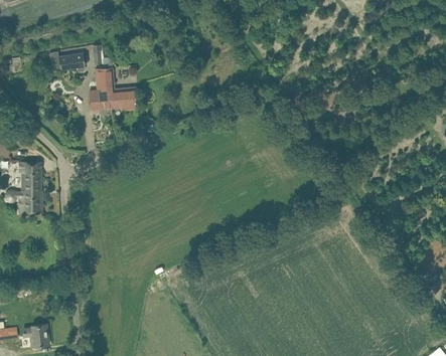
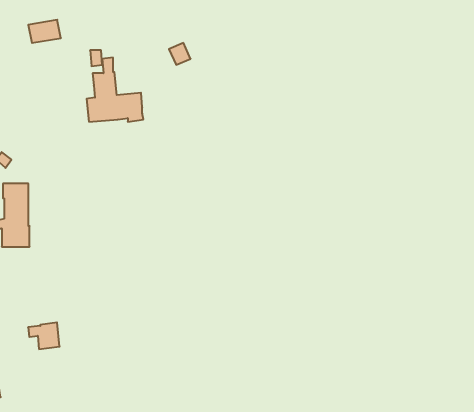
building: [58,51,86,70] -> [28,20,61,43]
building: [22,324,48,346] -> [28,322,60,349]

